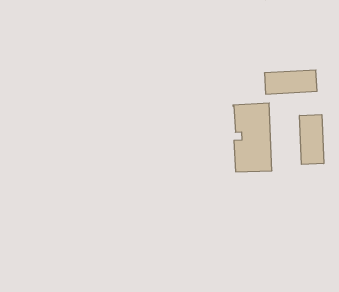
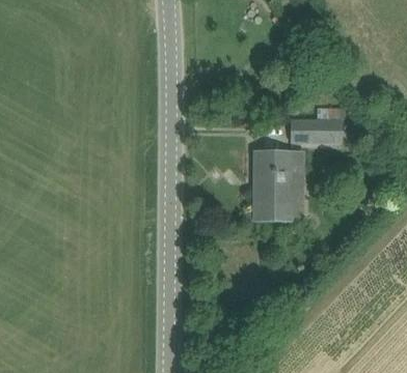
building: [300,115,324,164] -> none

